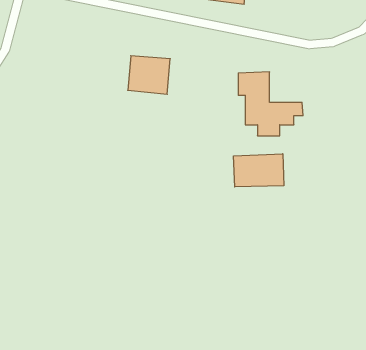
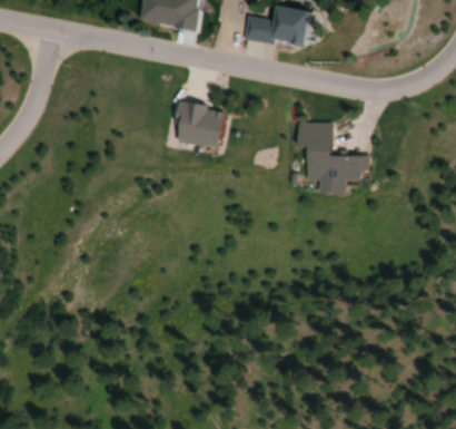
building: [234,154,284,187] -> none

